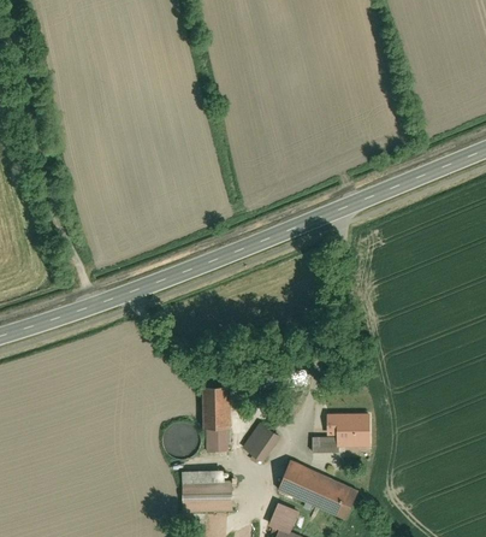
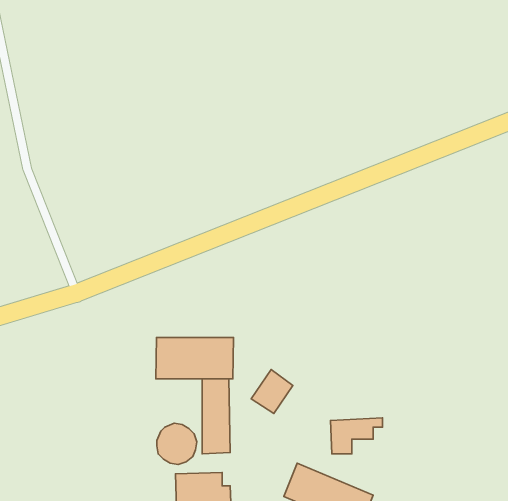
building: none -> [156,338,233,379]
building: [243,421,280,461] -> [251,370,293,414]

